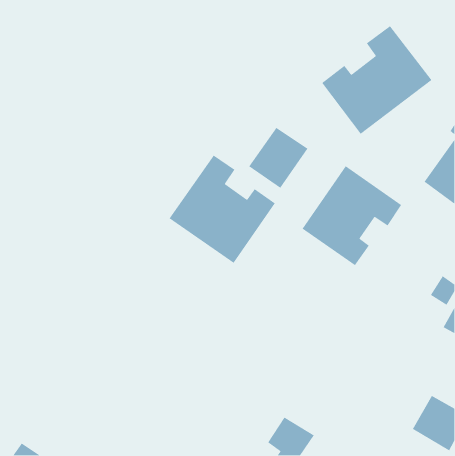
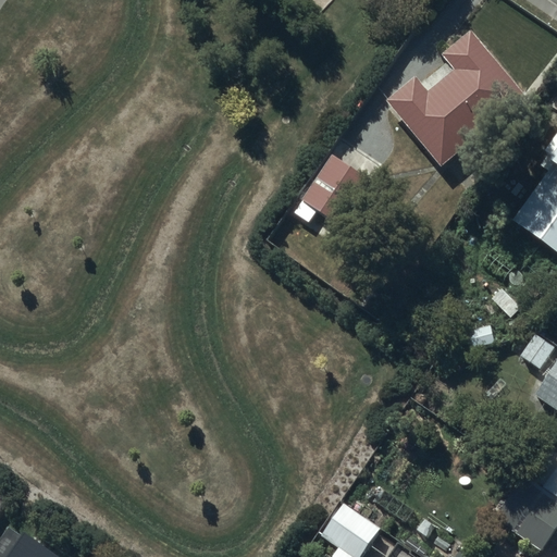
building: [169,155,276,264] -> none
building: [301,165,402,266] -> none

